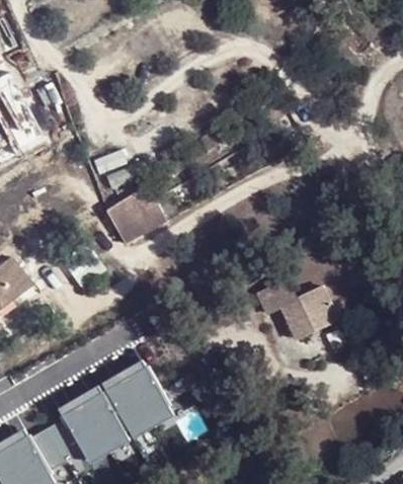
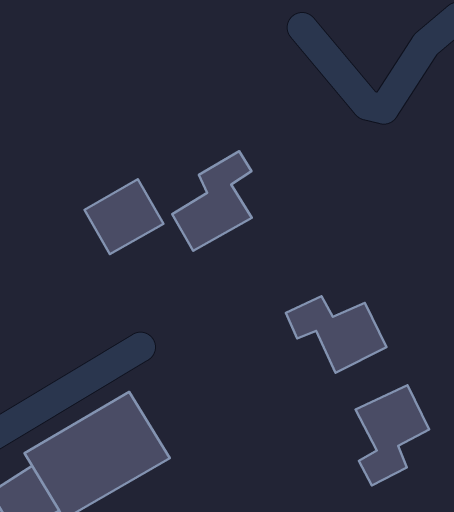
building: none -> [172,151,252,251]
building: none -> [356,385,429,485]

